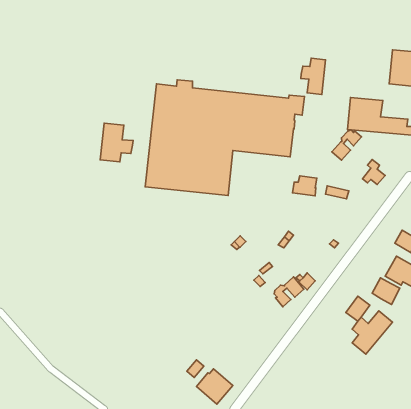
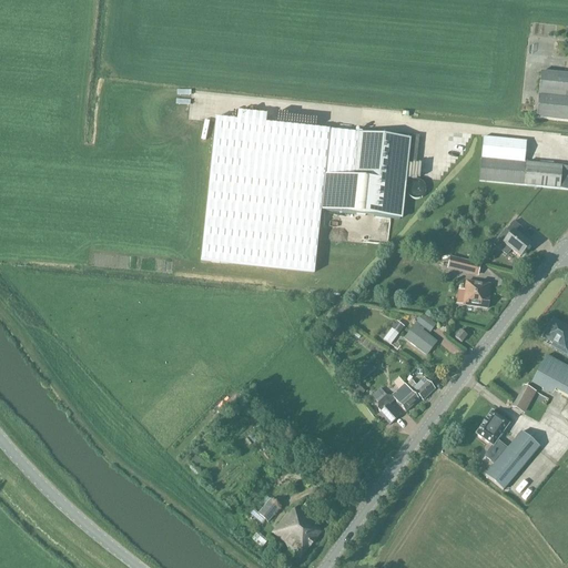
building: [301,58,326,94] -> none
building: [100,123,133,162] -> none
building: [332,130,361,160] -> none
building: [293,176,317,196] -> [457,278,490,306]
building: none -> [405,317,437,356]

